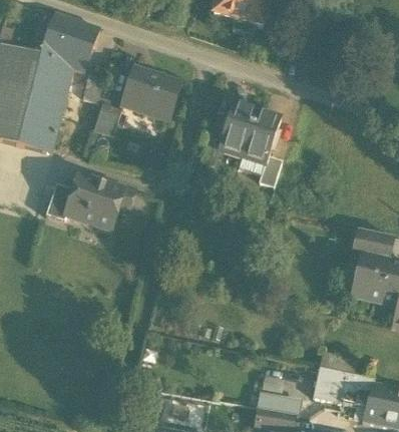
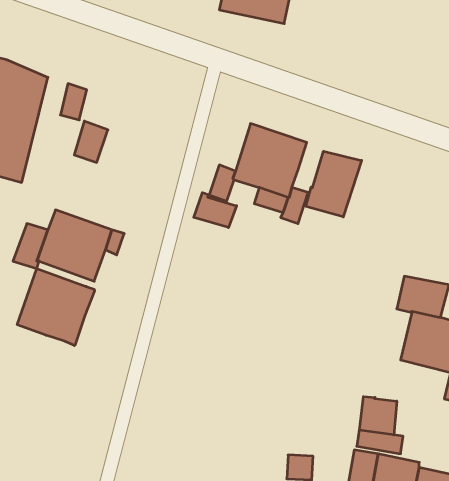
building: [40,12,100,72] -> none
building: [122,68,180,119] -> none
building: none -> [306,151,362,217]
building: none -> [194,193,237,228]
building: none -> [17,268,94,346]
building: none -> [360,397,397,435]

